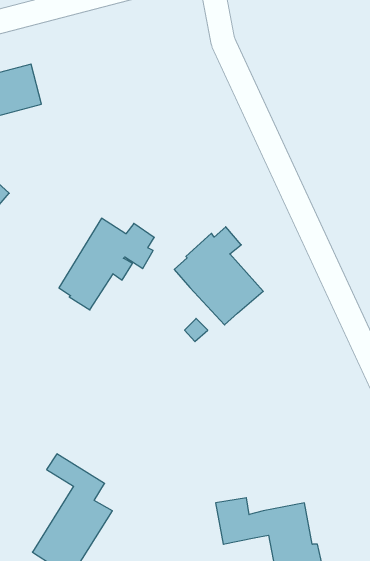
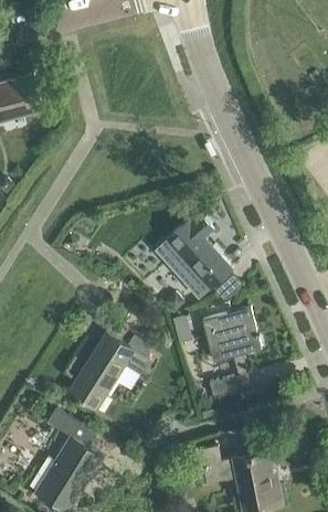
building: [59,218,154,310] -> [68,332,150,410]
building: none -> [202,308,261,397]

